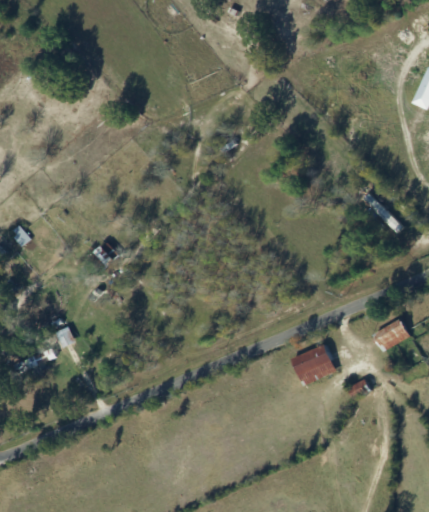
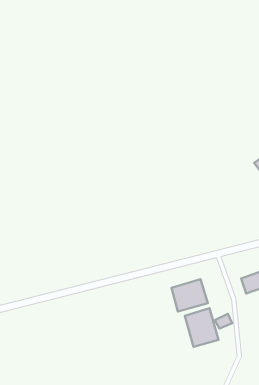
building: none -> [185,308,219,347]

